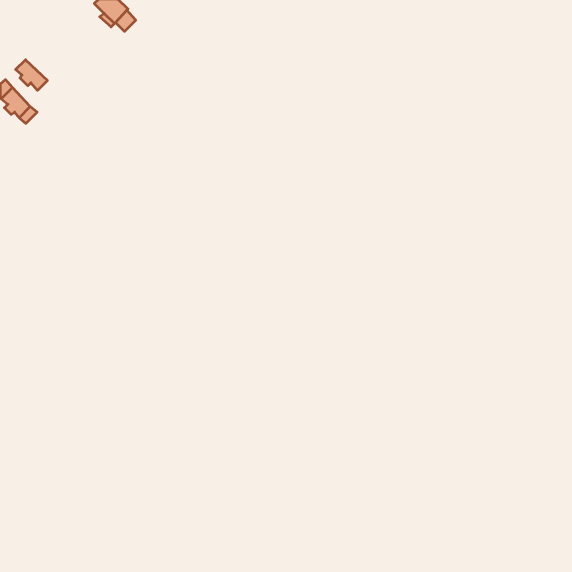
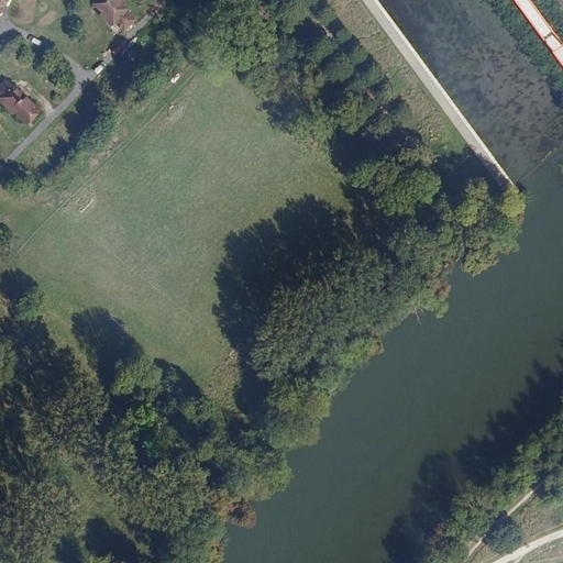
building: [16,60,47,90] -> none

